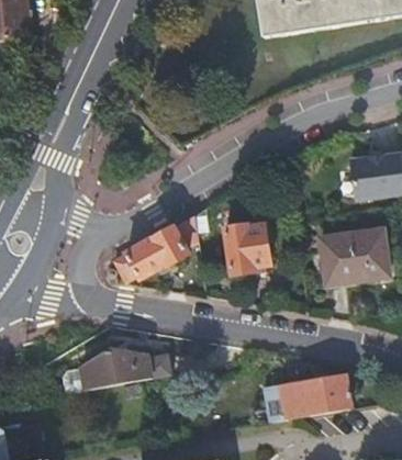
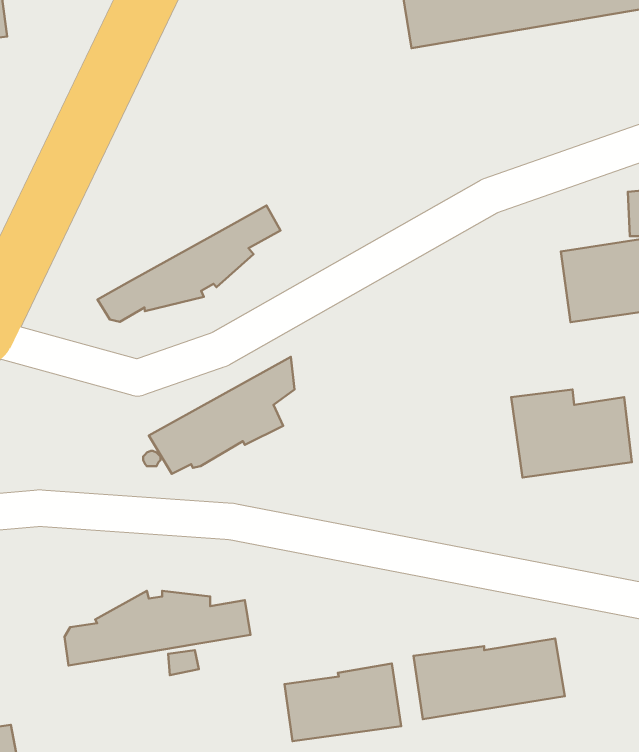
building: none -> [97,206,280,322]
building: [224,225,269,276] -> none
building: none -> [284,664,401,741]

